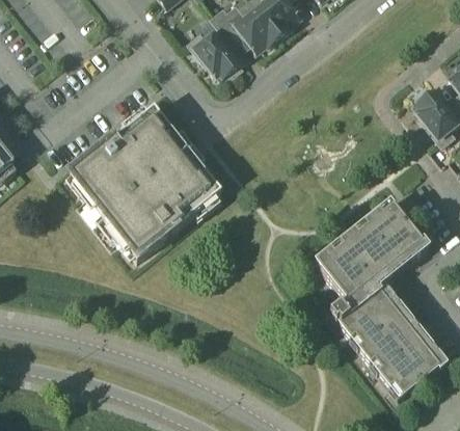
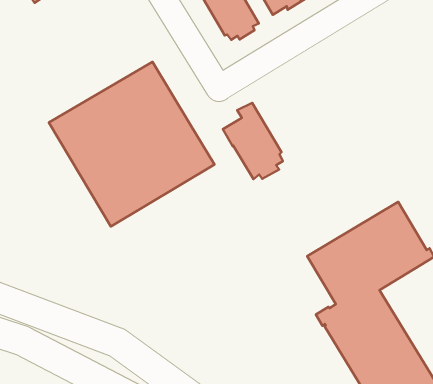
building: none -> [223,103,283,179]

